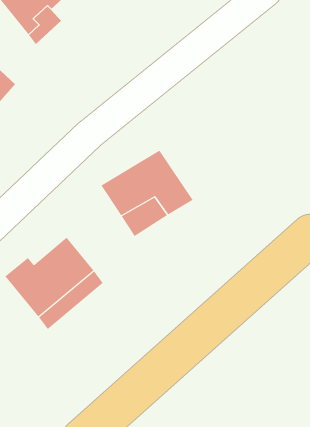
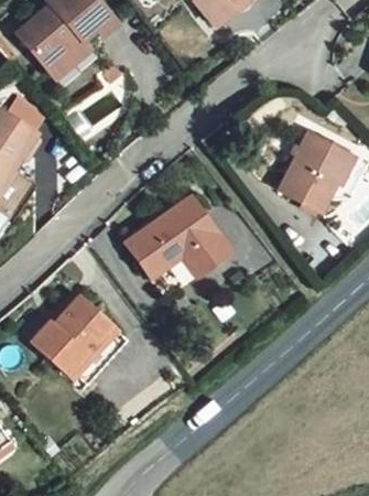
building: none -> [279,117,349,198]

